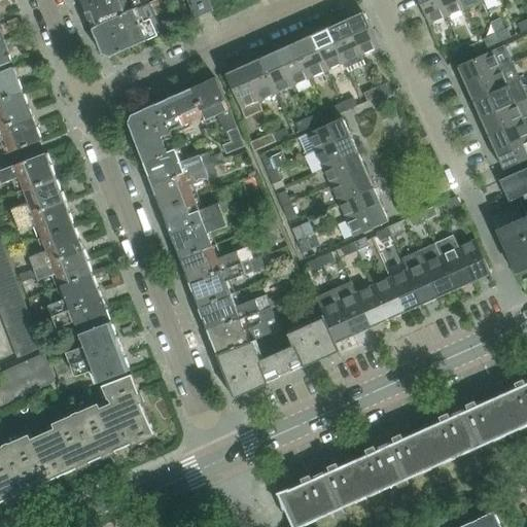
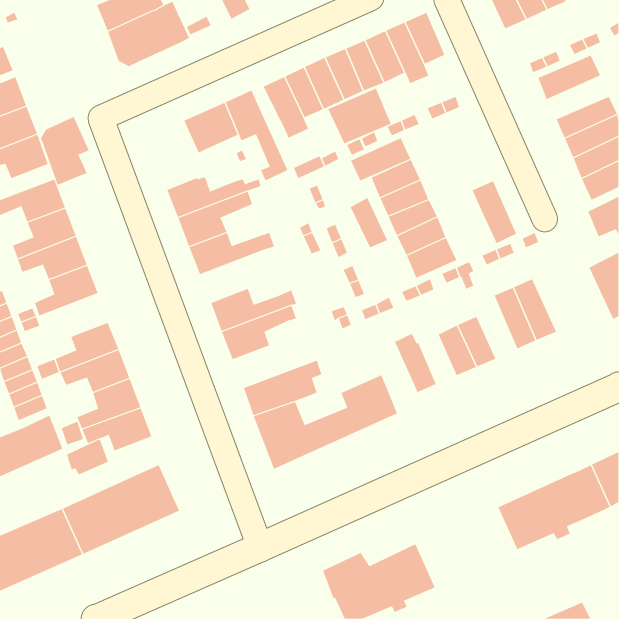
building: [462,64,516,101] -> none
building: none -> [328,88,391,144]
building: [127,102,169,161] -> [40,116,90,185]
building: none -> [350,197,388,248]
building: [169,211,230,256] -> none
building: [455,238,488,281] -> none
building: [33,248,92,285] -> none
building: [399,250,437,304] -> [472,180,517,244]
building: [354,283,386,325] -> none
building: [316,289,353,340] -> none
building: [197,292,269,328] -> none
building: [101,373,137,403] -> [66,439,109,475]
building: [352,429,437,497] -> none

